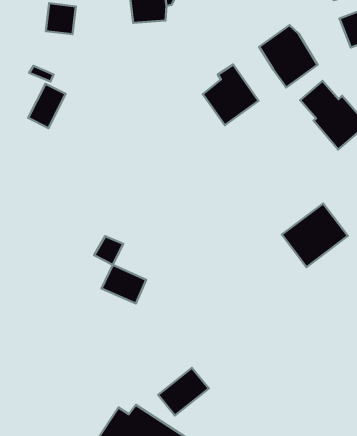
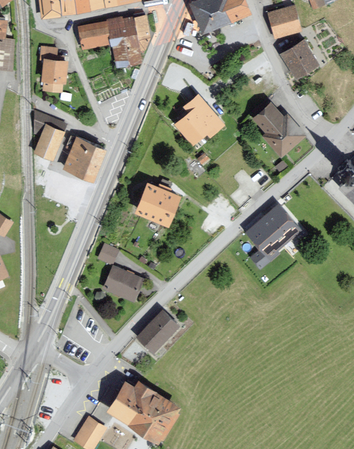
building: [259,25,318,87] -> none
building: none -> [64,137,103,180]
building: none -> [138,184,179,221]
building: [158,368,209,416] -> [139,311,180,351]

